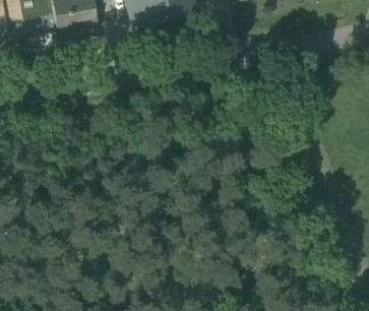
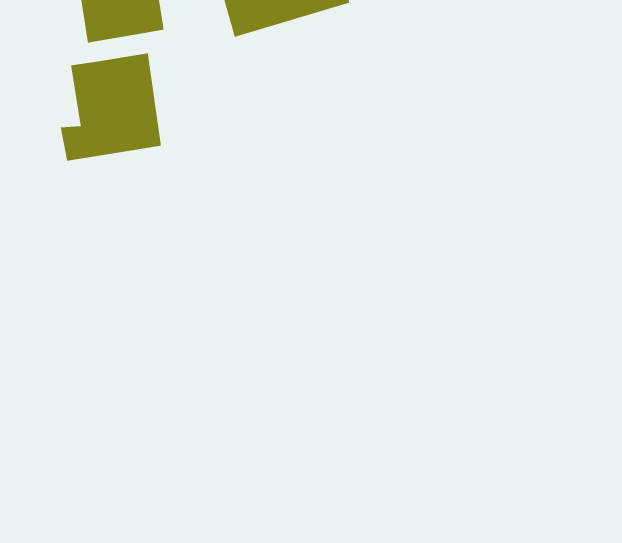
building: none -> [60,53,161,161]

